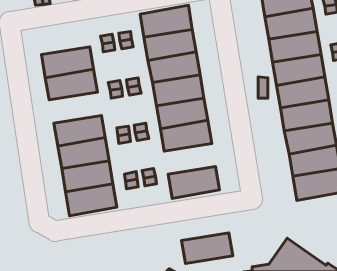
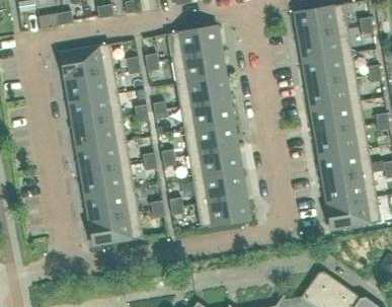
building: none -> [60,44,114,77]
building: none -> [72,117,127,149]
building: [182,233,233,264] -> [192,170,246,203]

